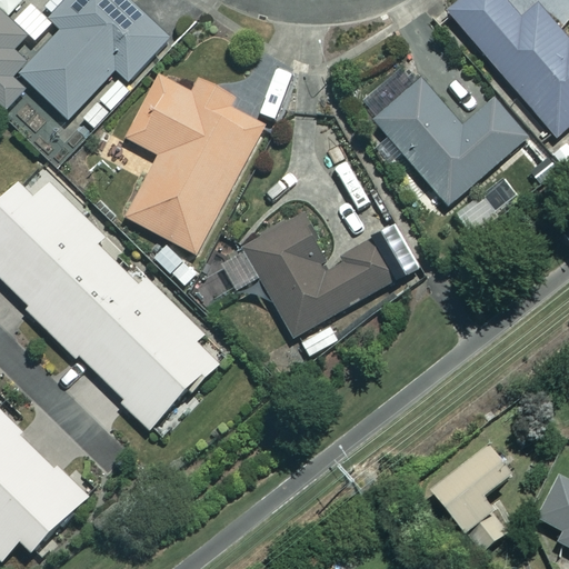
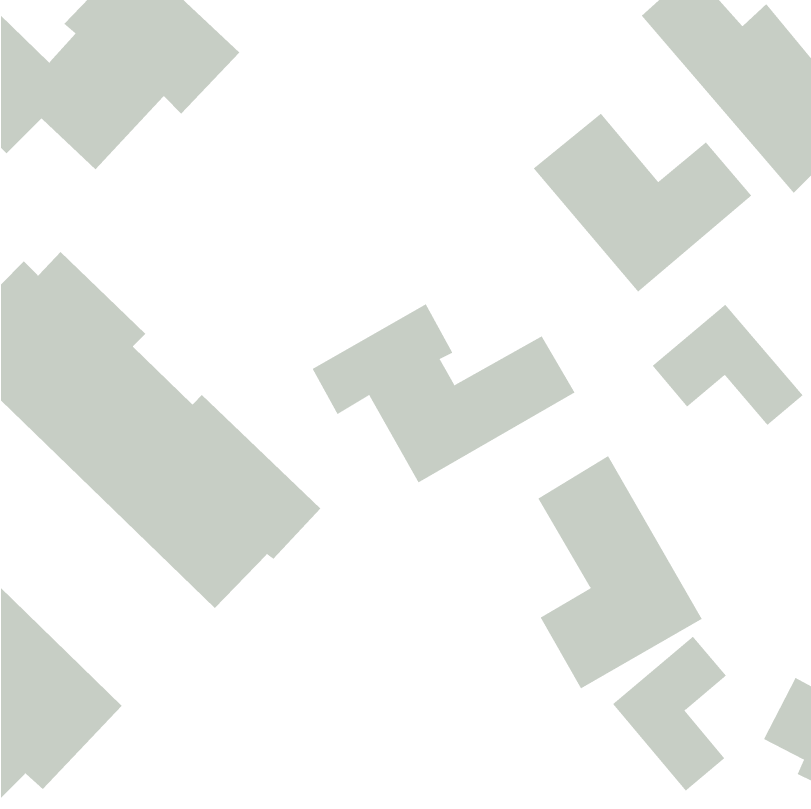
building: [126,74,262,253] -> none
building: none -> [652,304,803,426]
building: none -> [538,455,703,689]

